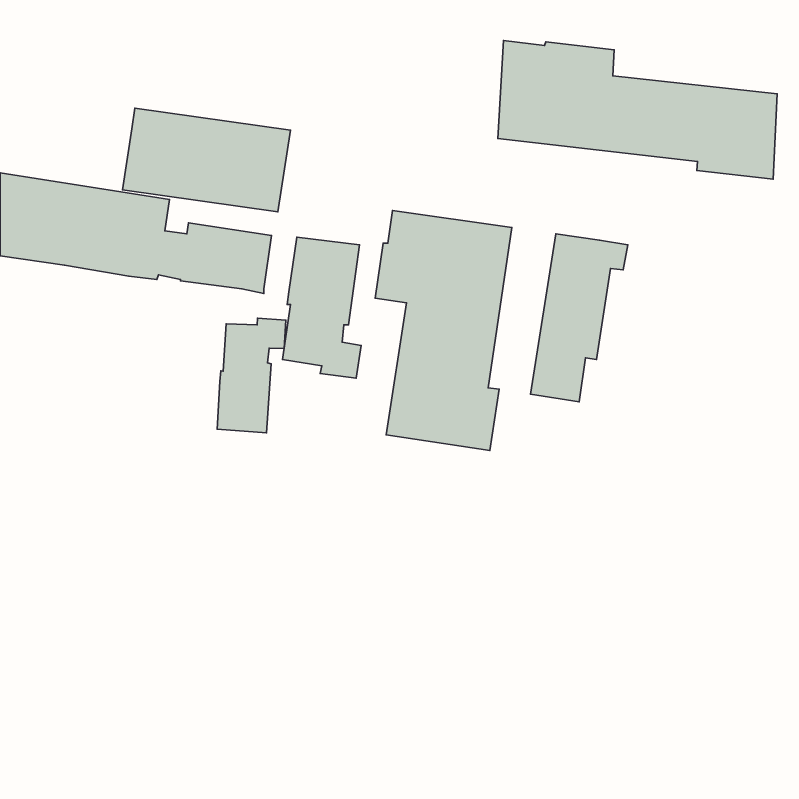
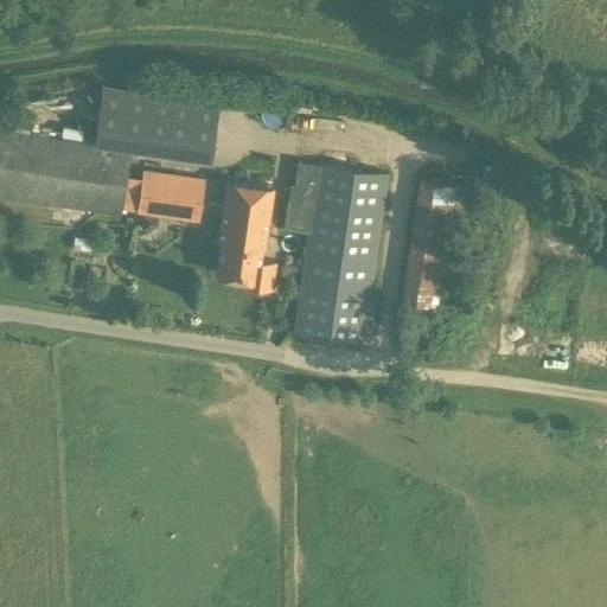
building: [498,41,777,179] -> none
building: [217,318,286,433] -> none

